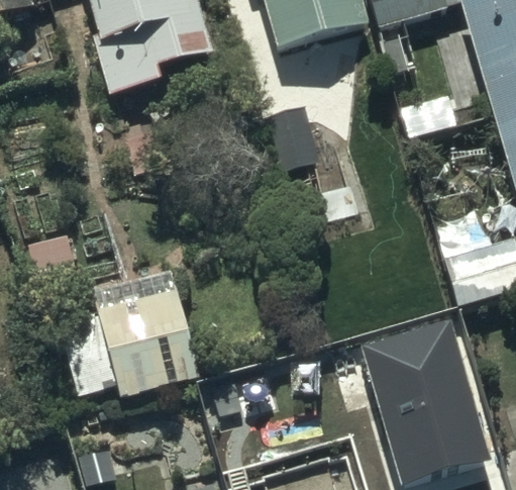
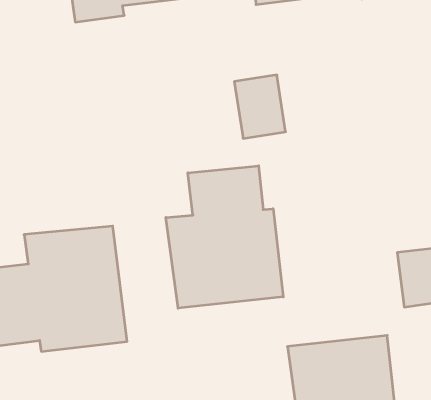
building: none -> [166,166,283,308]

